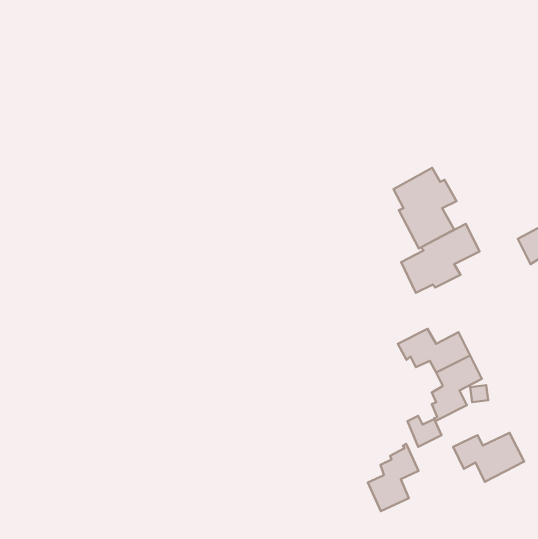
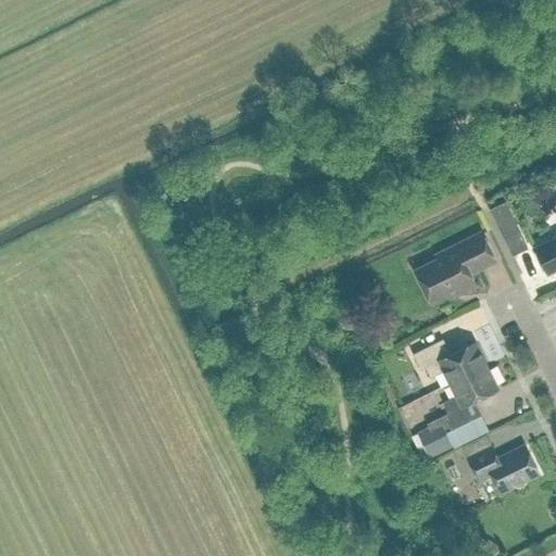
building: [393,168,457,248] -> none
building: none -> [492,204,523,241]
building: [368,444,419,511] -> none

